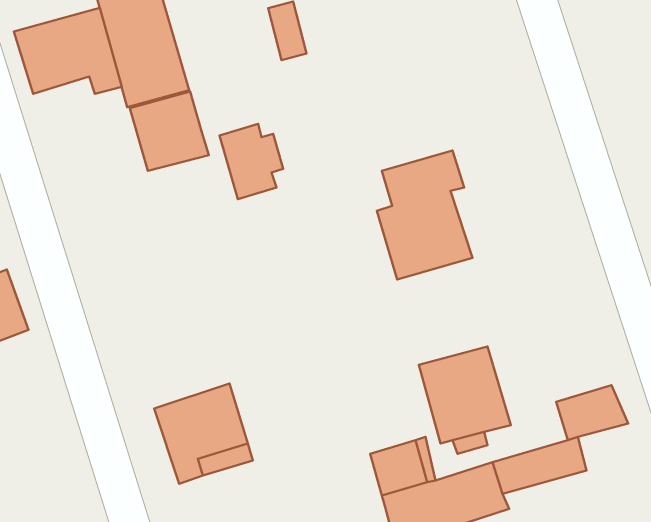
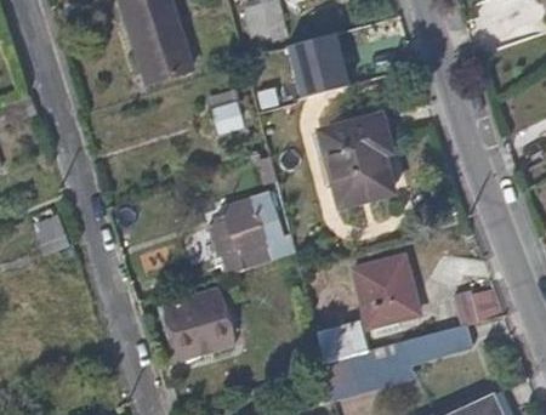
building: [14,8,122,94] -> none
building: none -> [288,32,348,95]
building: [130,91,209,171] -> none
building: none -> [210,197,284,257]

